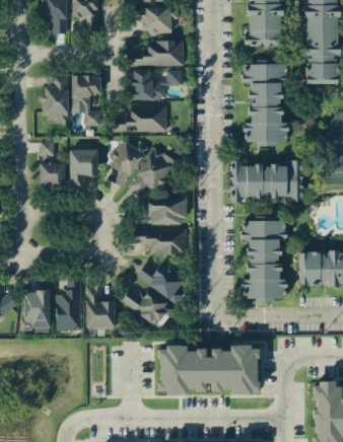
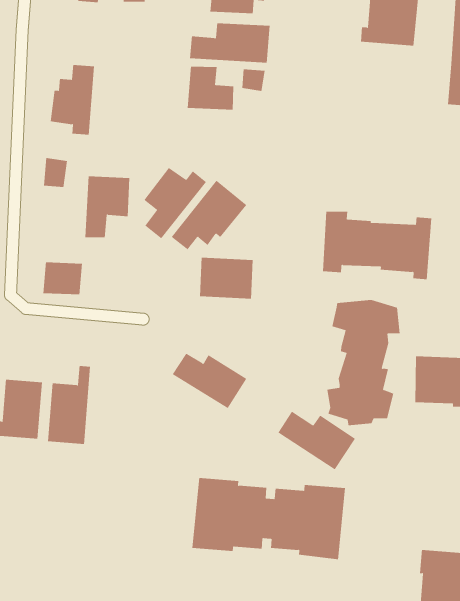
building: [243,63,289,147] -> none
building: [72,75,101,126] -> none
building: [114,105,167,132] -> none
building: [40,162,65,185] -> [43,262,83,295]
building: [134,228,187,254] -> none
building: [85,286,115,327] -> none
building: [120,289,173,326] -> [278,411,356,470]

